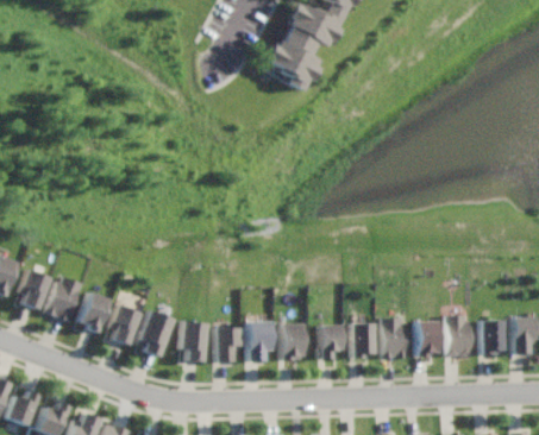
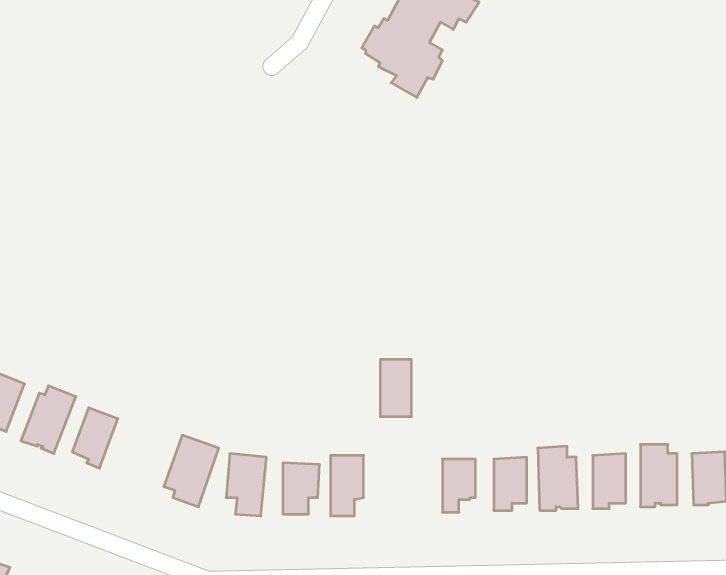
building: [109,305,138,343] -> none
building: [280,324,300,361] -> [380,360,411,417]

